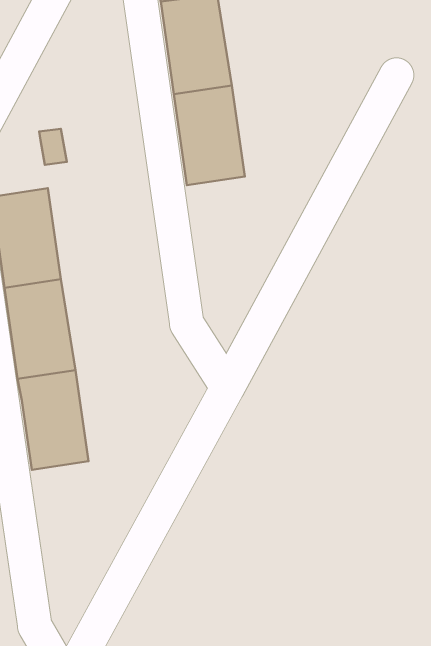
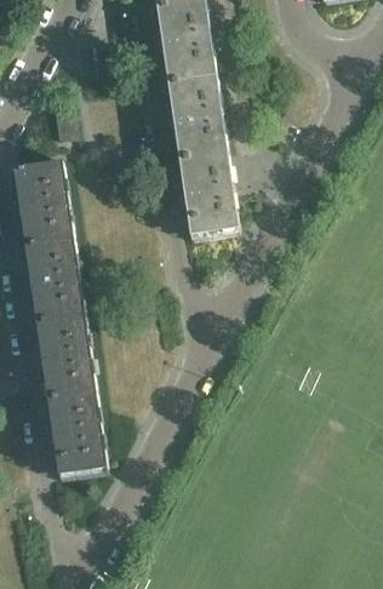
building: none -> [177,150,236,234]
building: none -> [47,389,105,474]

